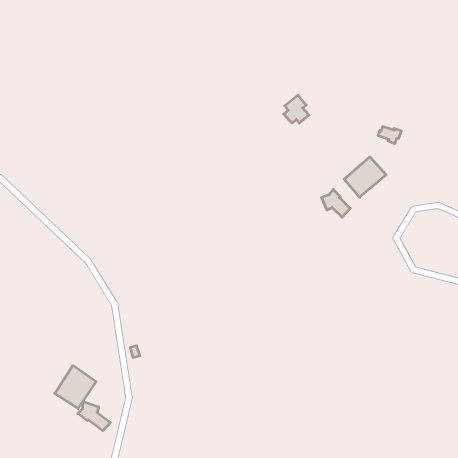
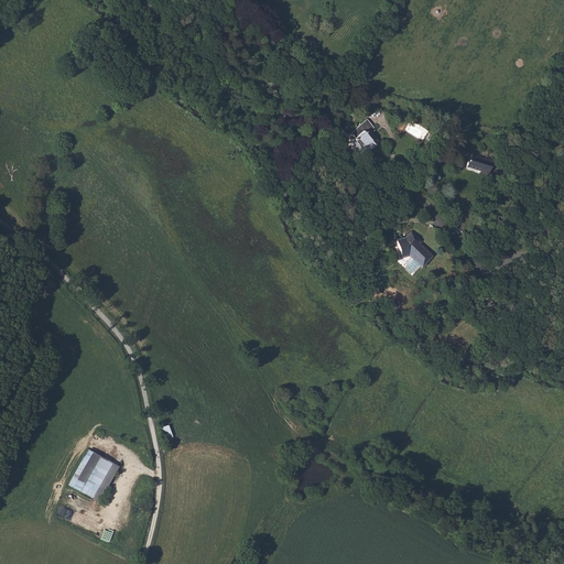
building: [344,157,386,197] -> none
building: [78,402,110,431] -> none

